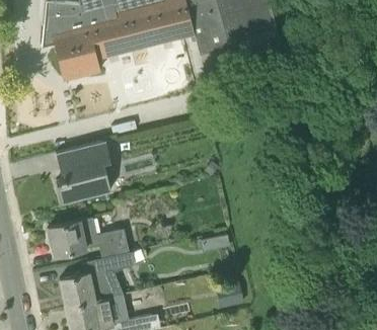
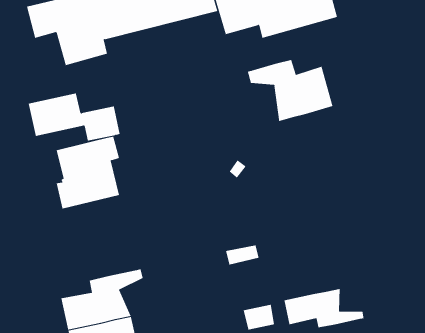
building: none -> [247,59,333,122]
building: [50,219,129,260] -> [28,93,120,141]
building: none -> [284,288,364,328]

